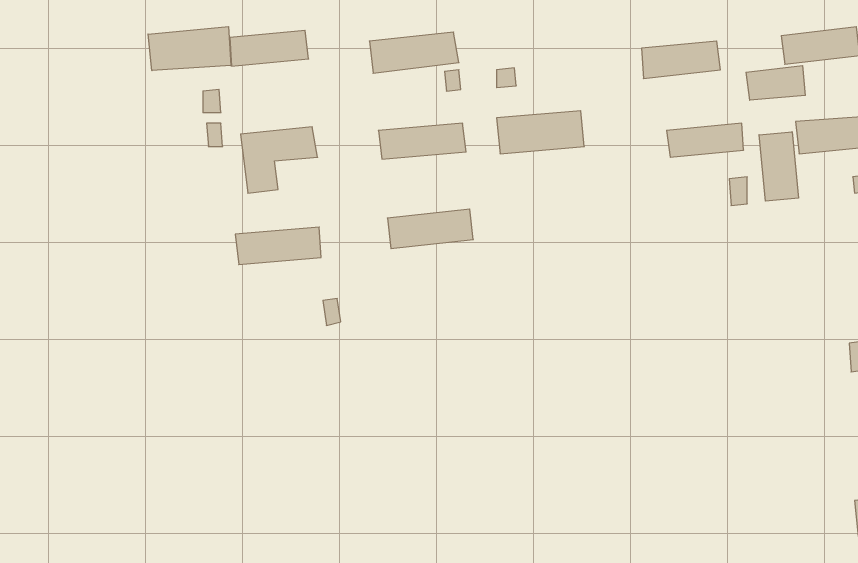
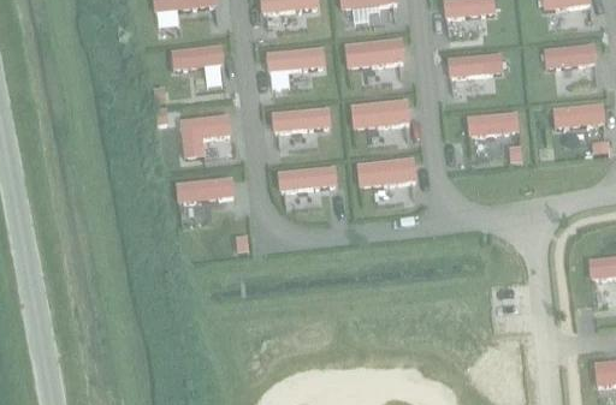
building: none -> [345,38,405,67]
building: [148,27,231,71] -> none
building: [746,66,805,100] -> none
building: [759,132,798,201] -> none
building: none -> [357,159,415,187]

